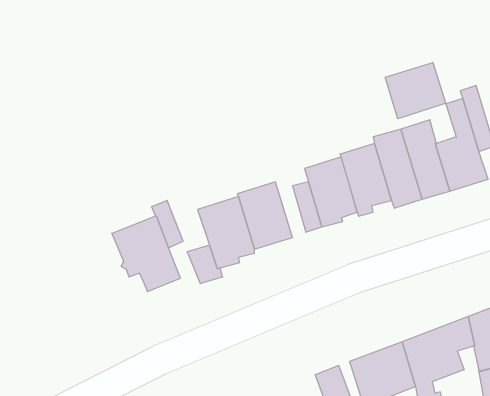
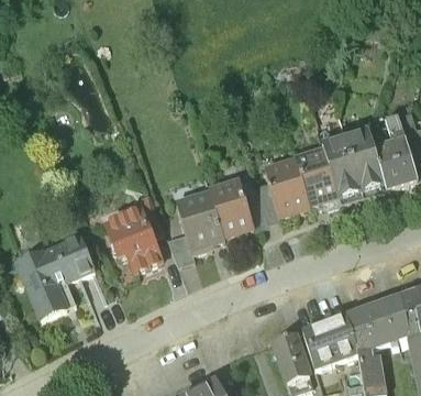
building: [385,62,446,119] -> none
building: none -> [18,235,90,314]

